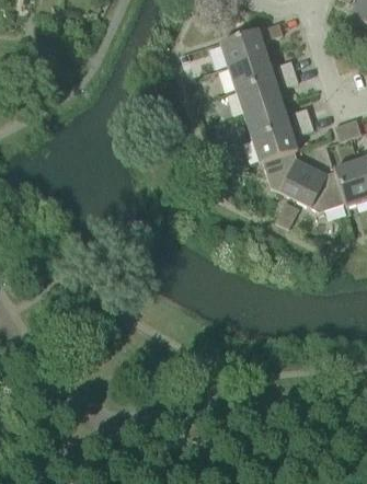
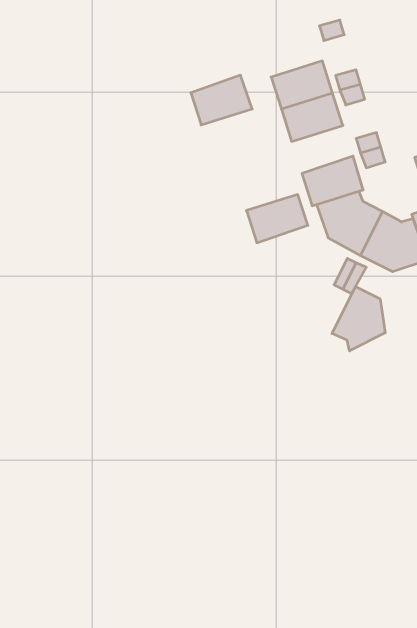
building: [220,26,266,64] -> [191,75,252,125]
building: [243,100,289,136] -> [246,195,308,243]
building: none -> [332,287,385,351]

